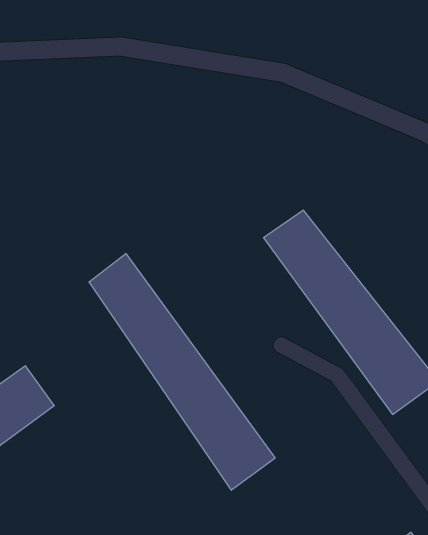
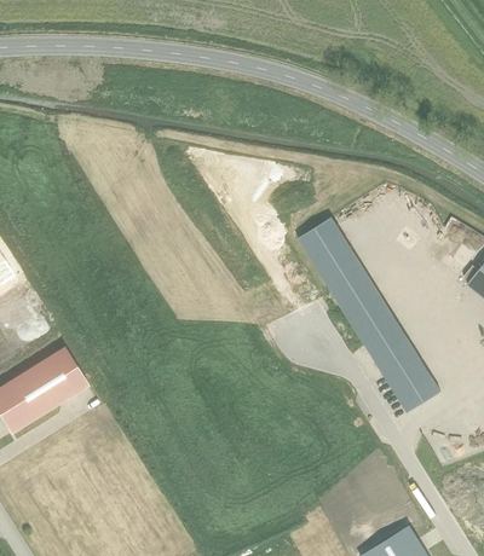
building: [89,253,275,490] -> none

